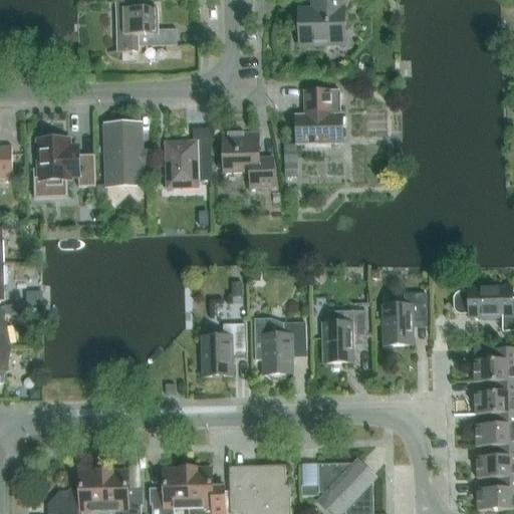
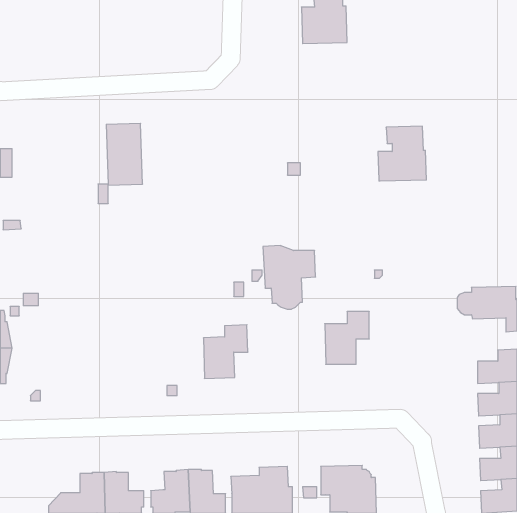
building: [108,6,177,50] -> none
building: [295,88,343,143] -> [378,126,426,181]
building: [166,126,212,187] -> none
building: [222,131,274,187] -> none
building: [34,138,95,197] -> none
building: [381,291,427,344] -> none
building: [254,316,306,379] -> [263,246,316,309]

